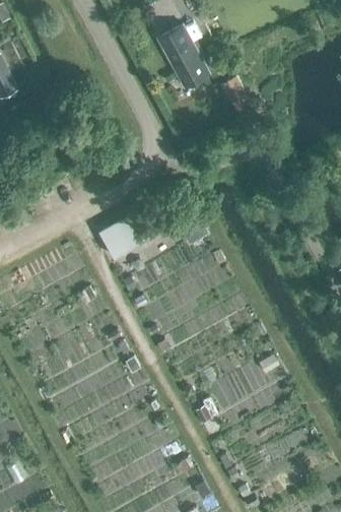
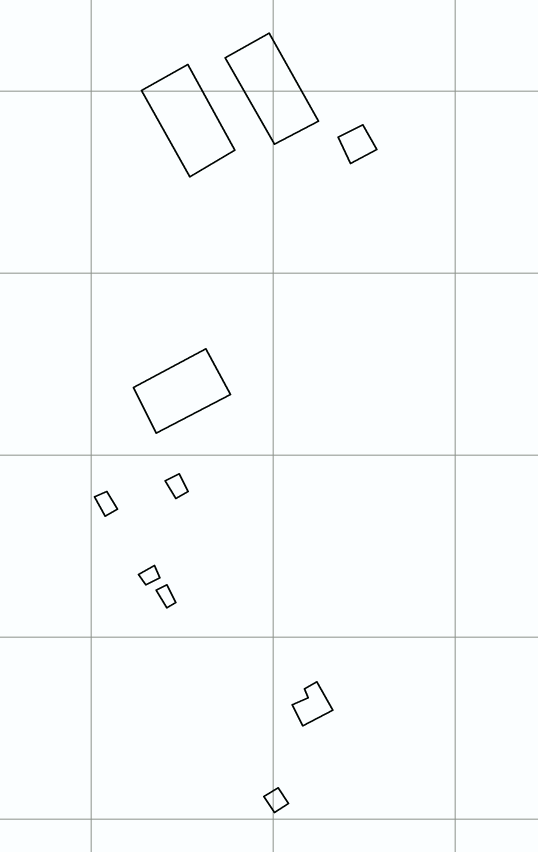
building: none -> [141,64,235,177]

